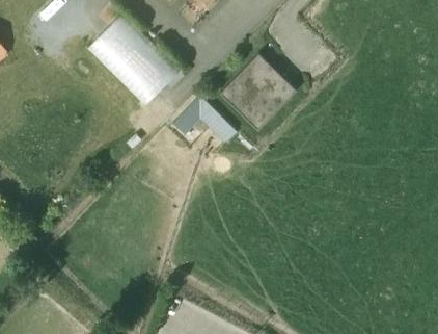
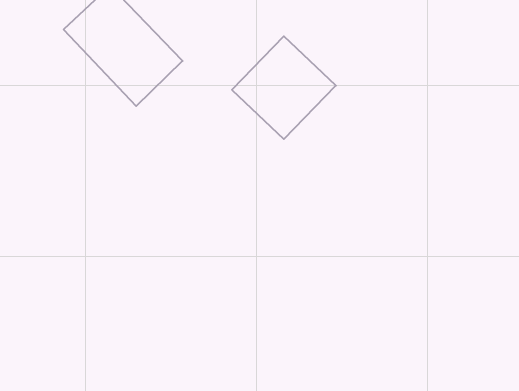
building: [179,99,232,136] -> none

